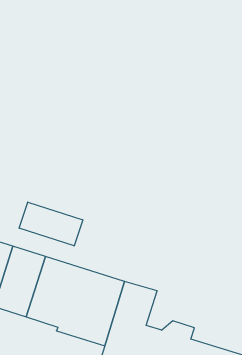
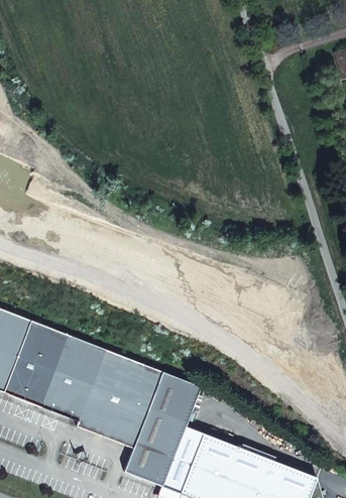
building: [19,202,83,246] -> none

